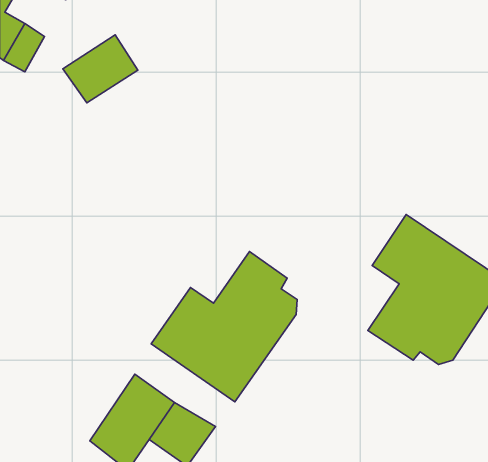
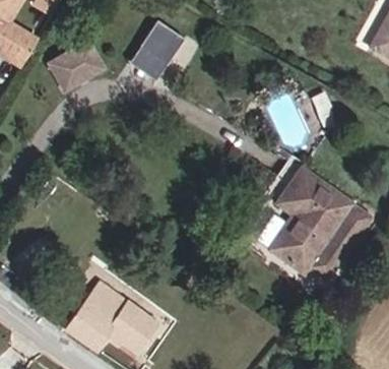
building: none -> [133,20,188,79]
building: [151,251,297,402] -> none

